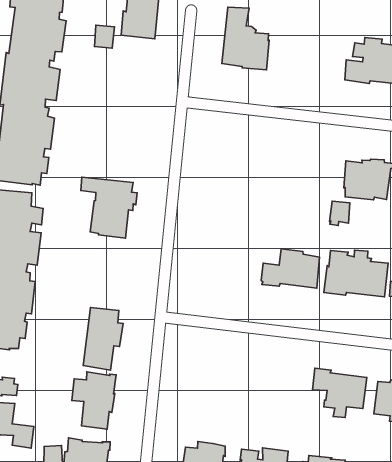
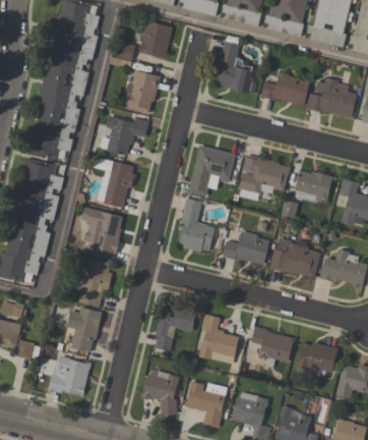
building: none -> [260,71,310,105]
building: none -> [124,70,161,113]
building: none -> [100,115,148,155]
building: none -> [188,145,235,196]
building: none -> [239,155,291,194]
building: none -> [178,198,214,252]
building: none -> [81,207,123,254]
building: none -> [155,307,196,351]
building: none -> [199,314,239,364]

